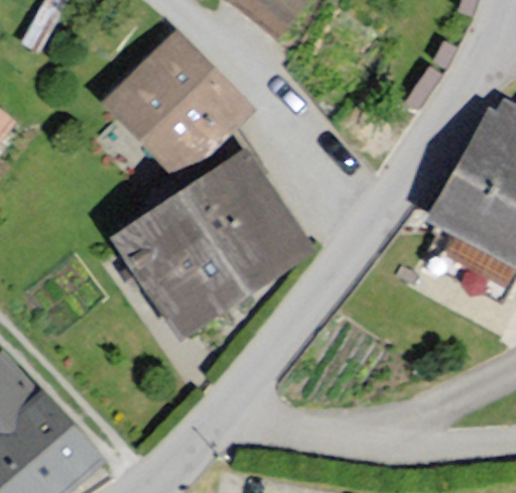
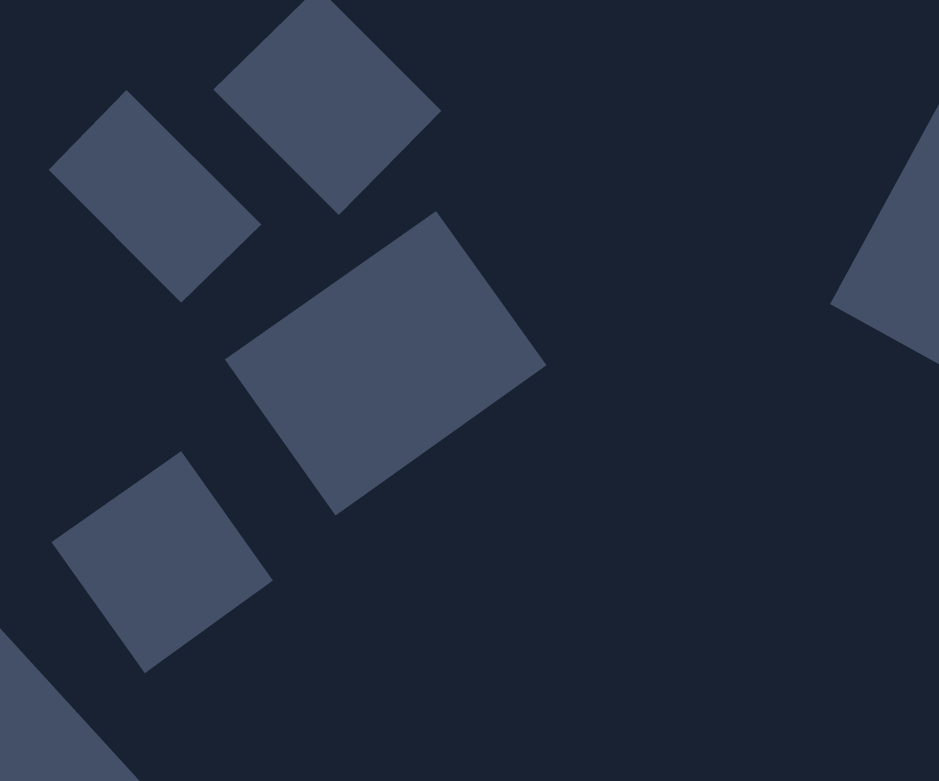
building: none -> [48,89,262,303]
building: none -> [50,450,274,674]

